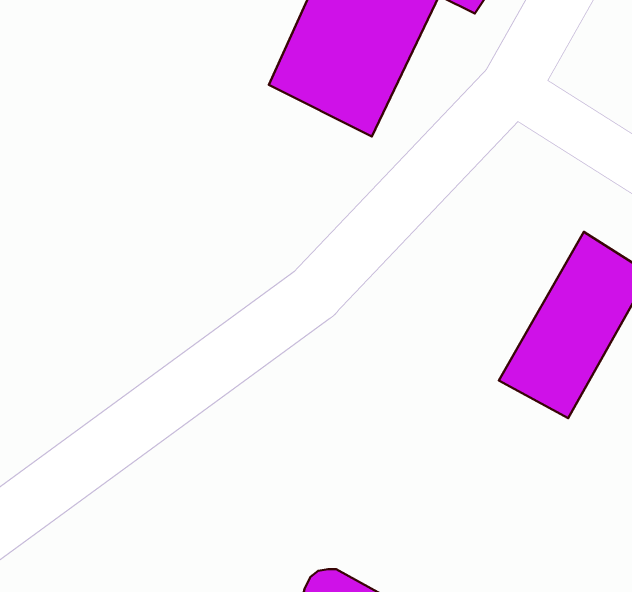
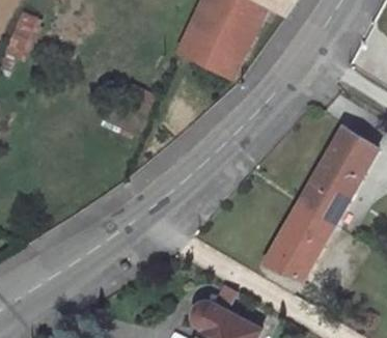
building: none -> [265,204,336,279]

